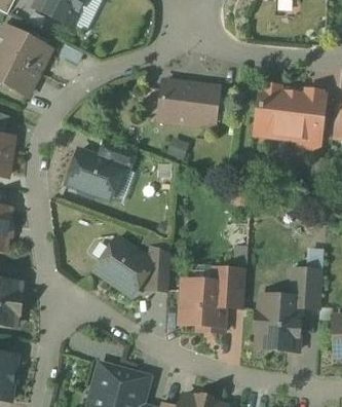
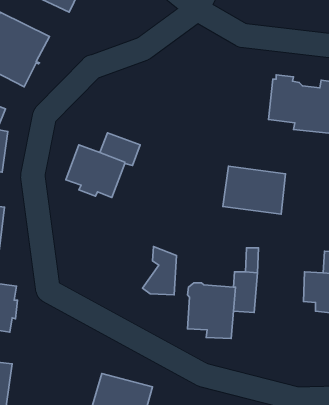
building: [159,81,218,126] -> [223,166,285,214]
building: [96,238,154,295] -> none
building: [255,296,301,350] -> none

